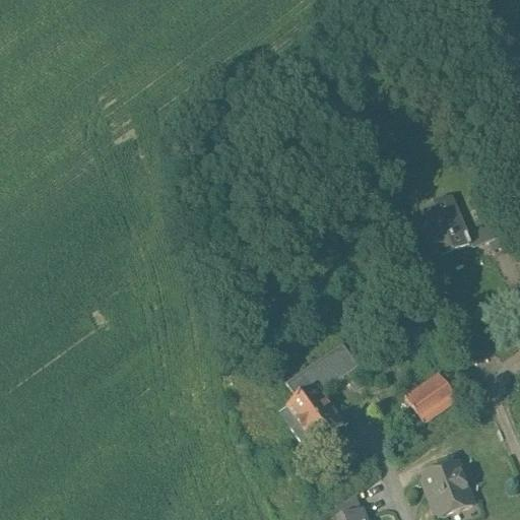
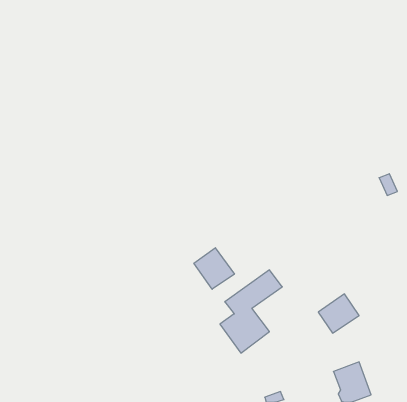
building: [413,194,469,254] -> none
building: none -> [194,248,234,289]

